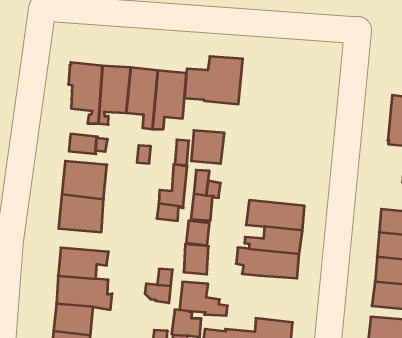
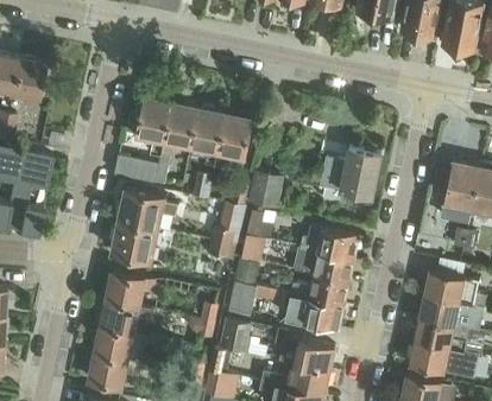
building: [184,56,243,104] -> [320,148,381,198]
building: none -> [301,224,359,259]
building: none -> [275,327,335,371]

